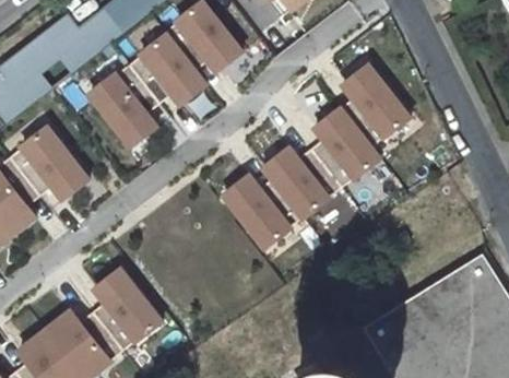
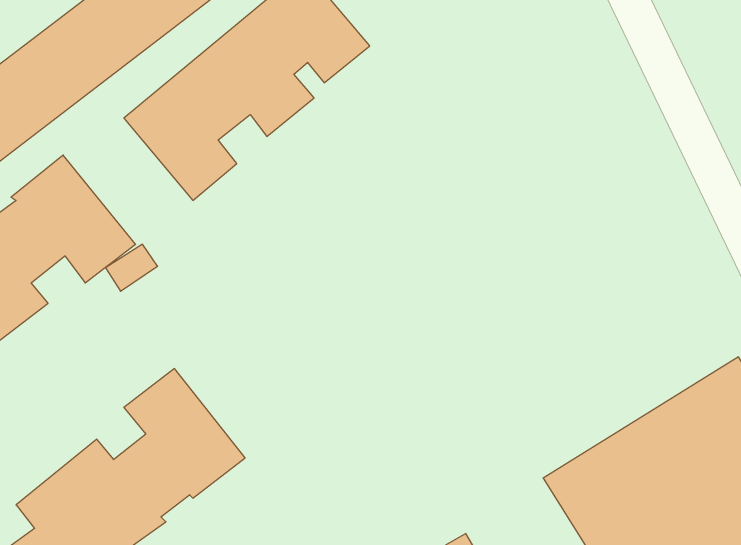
building: [223,62,413,247] -> none

